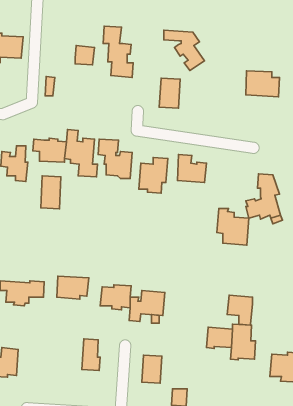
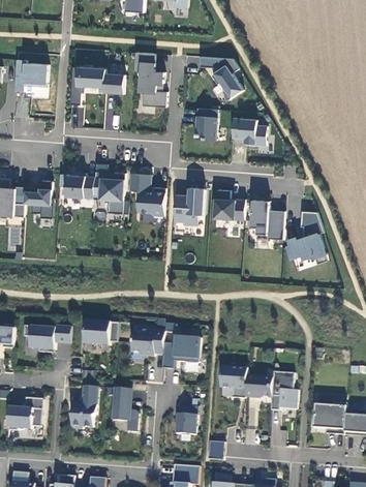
building: none -> [69,66,105,104]
building: [246,71,279,97] -> [227,117,264,145]
building: [41,176,61,209] -> none
building: [217,209,249,245] -> [249,200,283,239]
building: [227,295,252,325] -> [219,365,246,397]
building: none -> [70,385,97,428]

